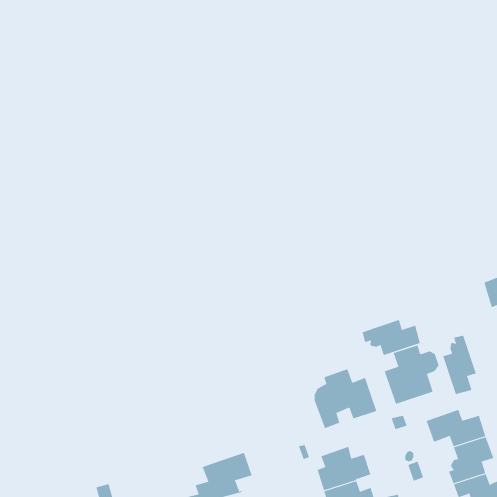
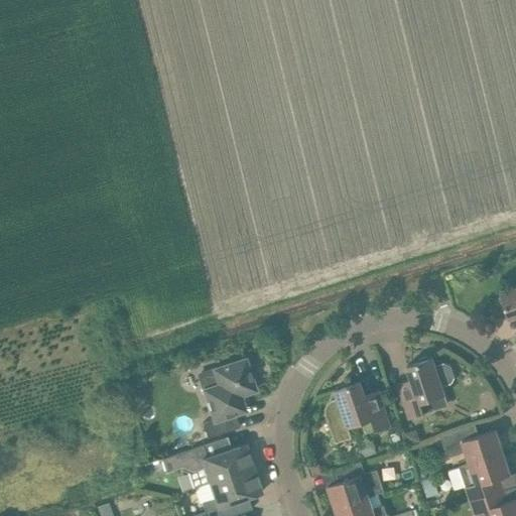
building: [362,319,421,356] -> none
building: [442,335,477,395] -> none
building: none -> [203,360,254,438]
building: none -> [162,437,254,484]

